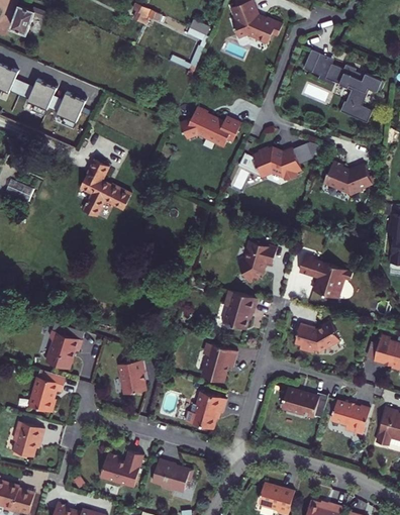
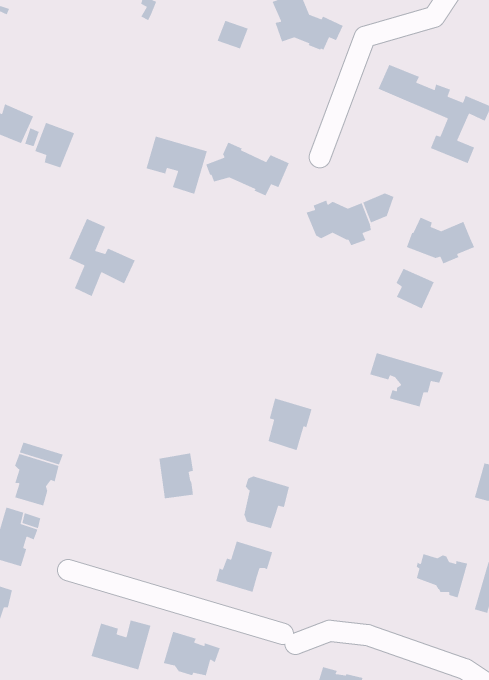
building: none -> [145,135,208,195]
building: none -> [395,268,435,309]
building: [237,242,276,285] -> none
building: [294,321,338,353] -> none
building: [119,359,144,393] -> [158,453,194,499]
building: [282,389,327,418] -> none

